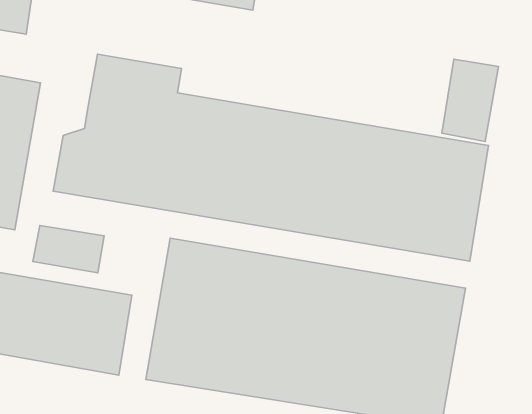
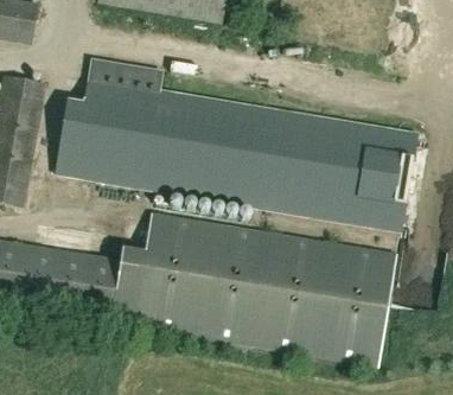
building: [442,59,498,141] -> none
building: [33,226,104,273] -> none

